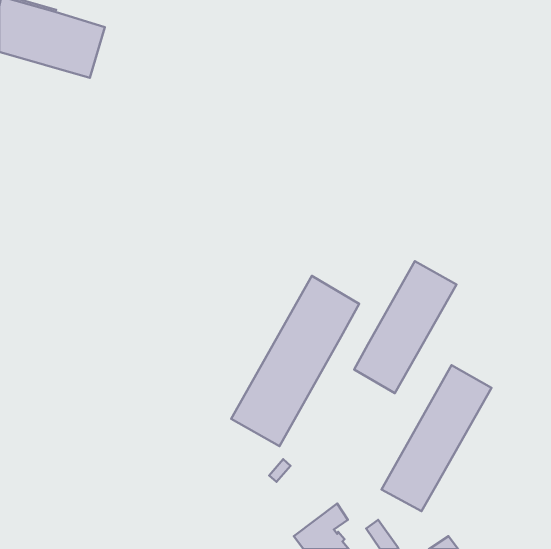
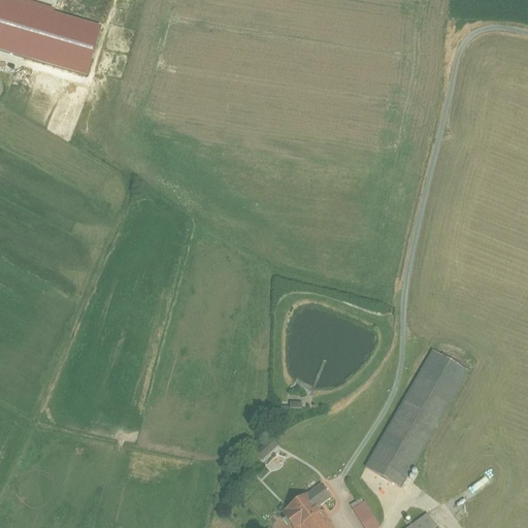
building: [354,261,456,393] -> none
building: [231,276,359,446] -> none

